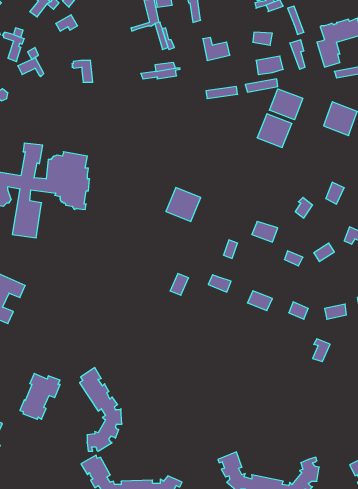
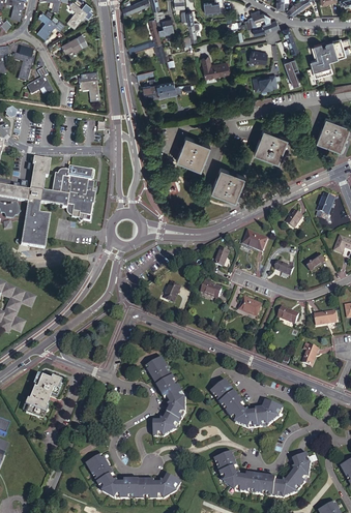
building: [269,89,303,120] -> none
building: none -> [175,135,208,169]
building: [166,188,201,221] -> [210,168,243,200]
building: [80,368,122,451] -> [146,356,186,435]
building: none -> [210,380,282,425]

